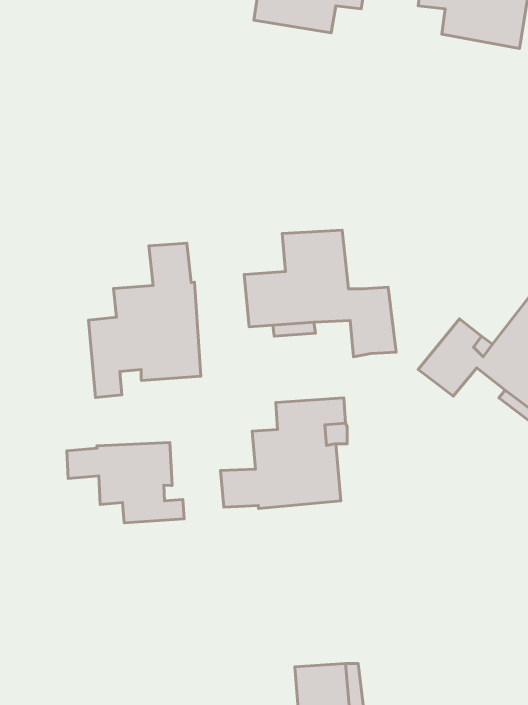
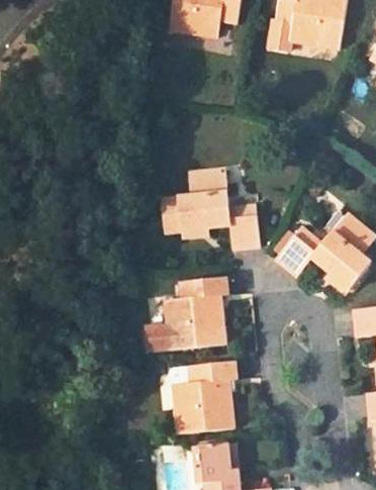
building: [89,243,201,397] -> none
building: [67,442,184,523] -> none
building: none -> [175,361,232,430]

